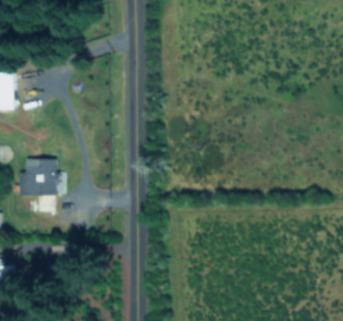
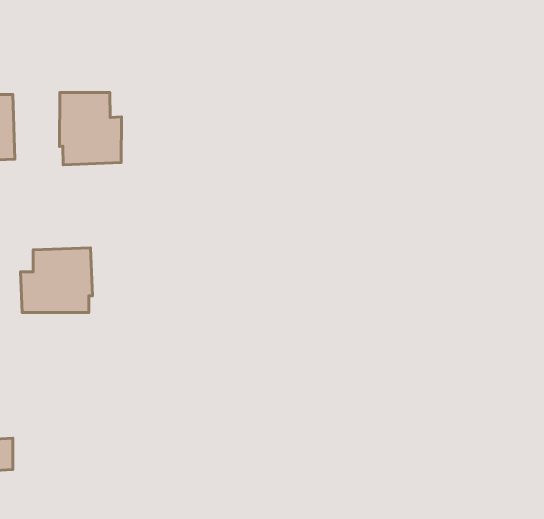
building: none -> [59,93,122,165]

